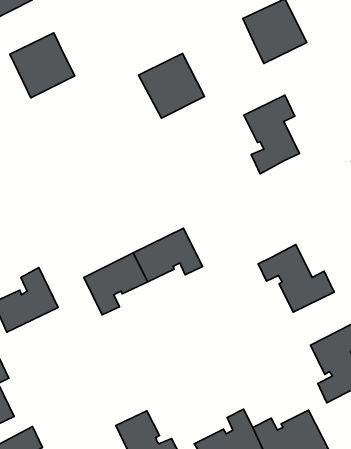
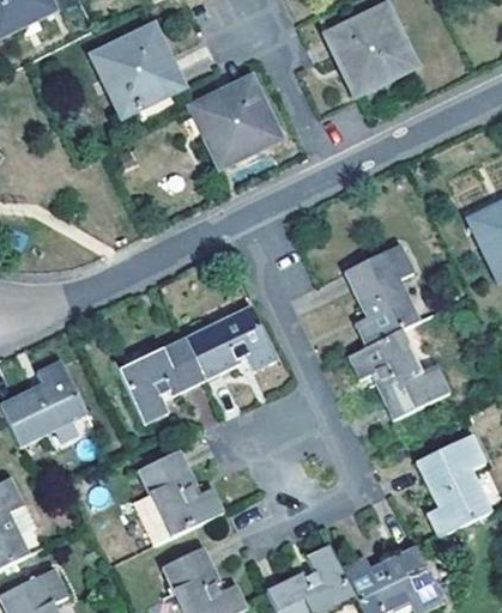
building: [10,33,75,98] -> [96,28,181,113]
building: [244,95,300,174] -> [345,243,418,346]
building: none -> [138,449,223,535]

